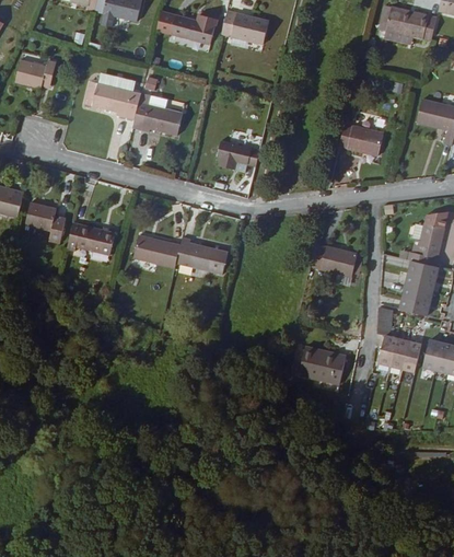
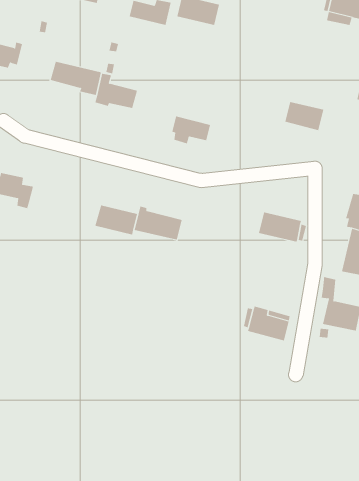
building: [68,222,116,255] -> none

